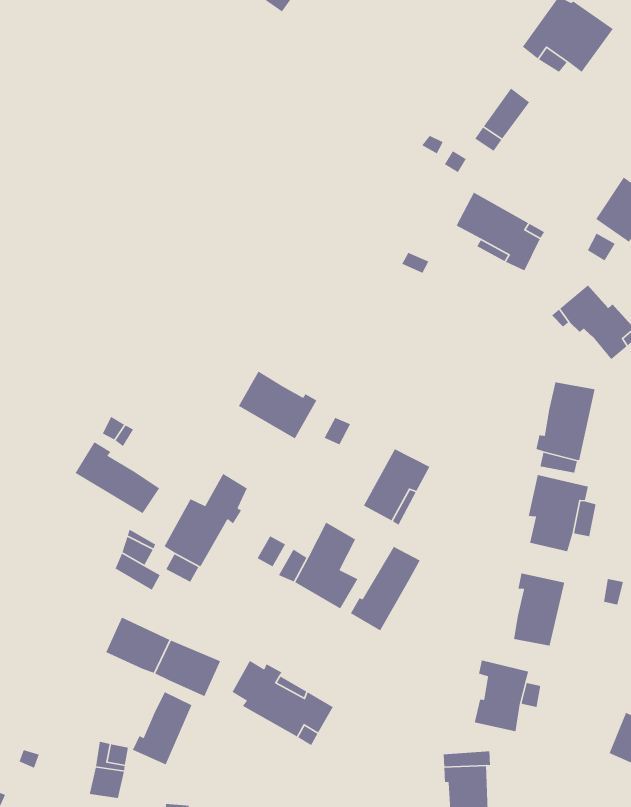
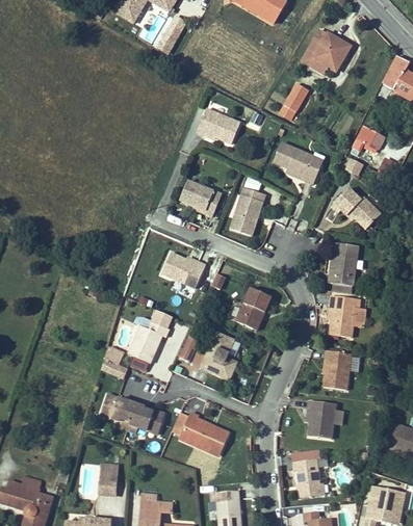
building: none -> [197,109,240,143]
building: none -> [180,181,222,216]
building: none -> [231,188,265,236]
building: [74,441,160,514] -> none
building: [350,546,421,632] -> none
building: [132,691,192,766] -> none

